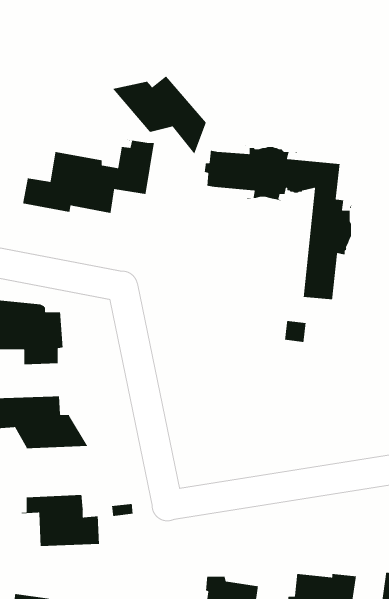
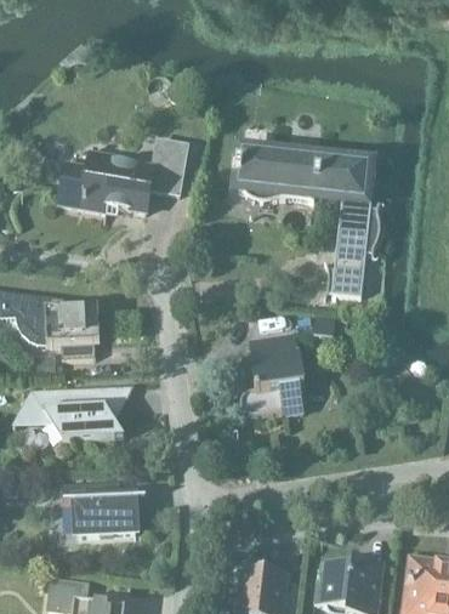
building: [112,66,207,159] -> none
building: none -> [240,335,305,415]

